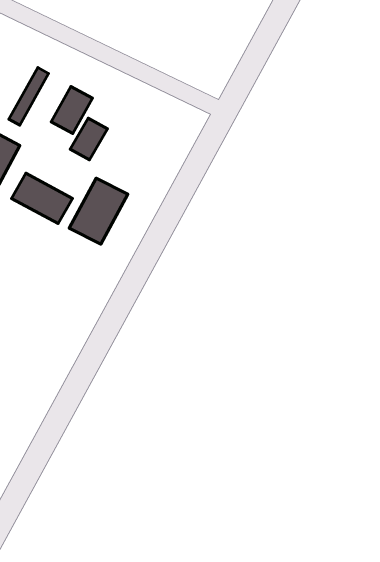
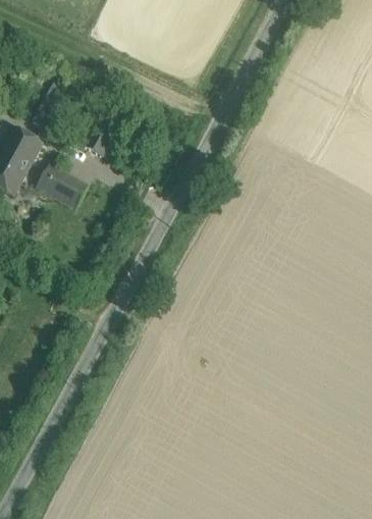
building: [51,87,93,133] -> none
building: [69,178,128,244] -> none

